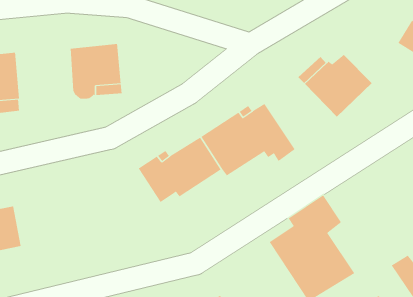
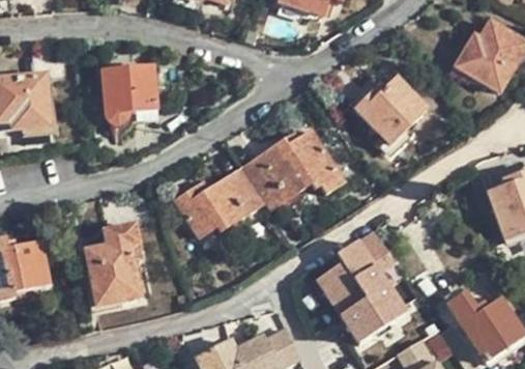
building: none -> [85,225,140,305]

